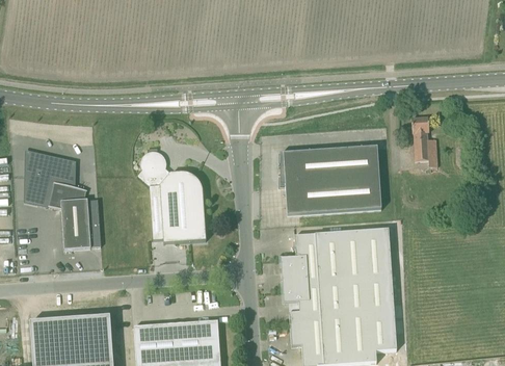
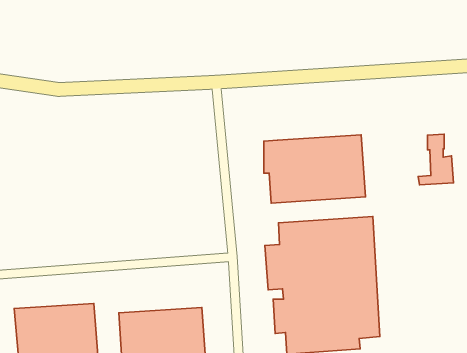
building: [402,115,437,166] -> [418,134,454,185]
building: [136,150,206,241] -> none
building: [24,151,90,249] -> none

